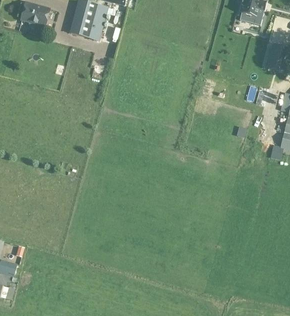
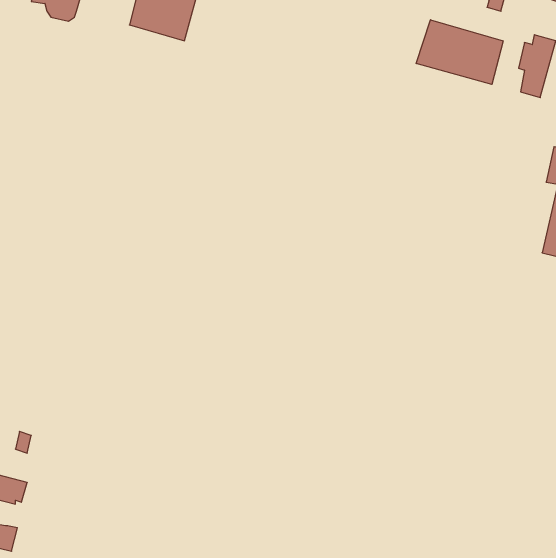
building: none -> [416,20,503,84]

